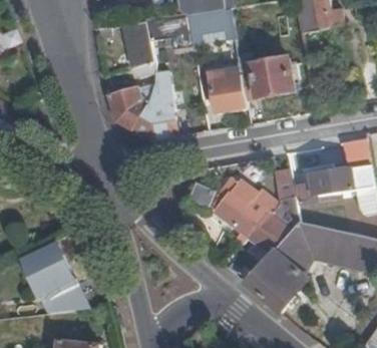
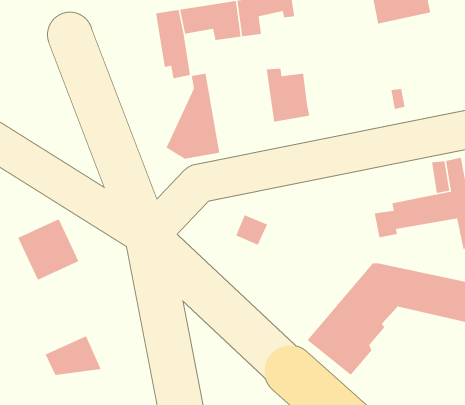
building: [239,51,294,97] -> none
building: [105,84,154,131] -> none
building: [216,173,300,255] -> none
building: [21,245,70,294] -> [17,218,79,281]

